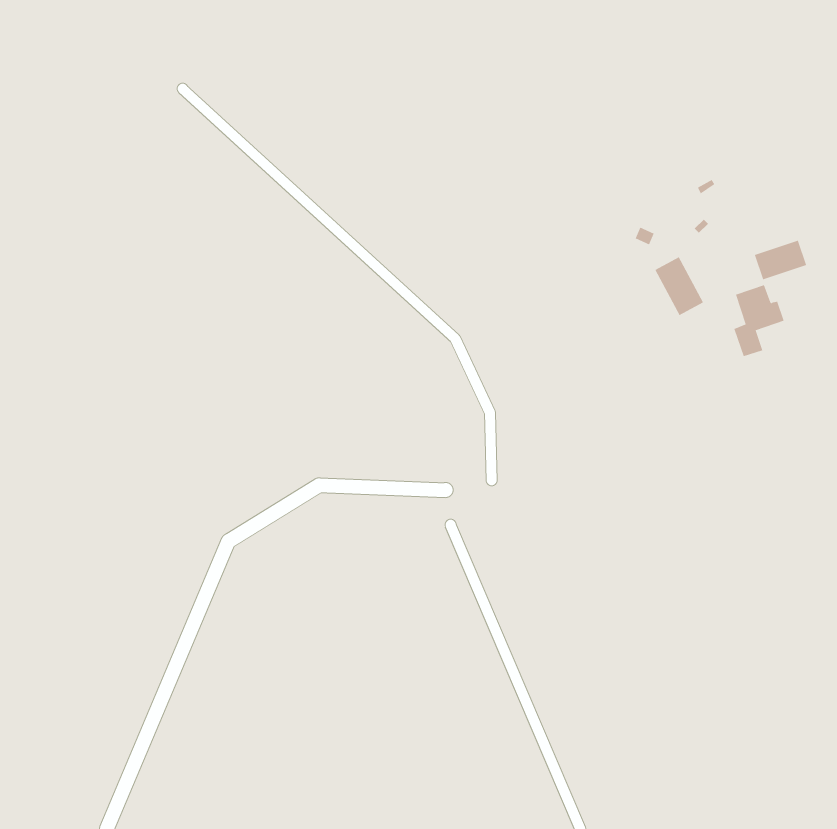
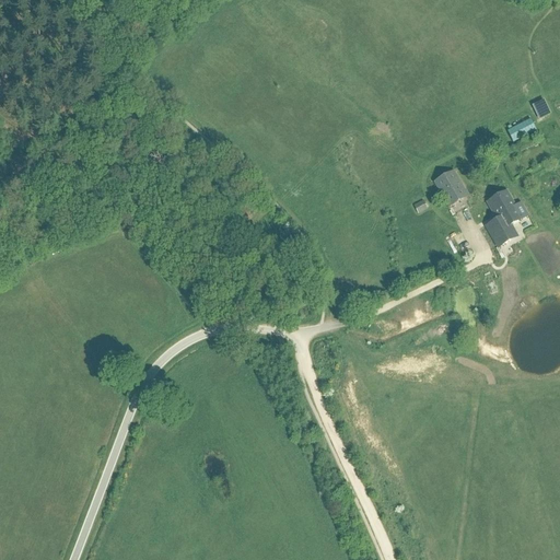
building: [754,240,807,280] -> none

